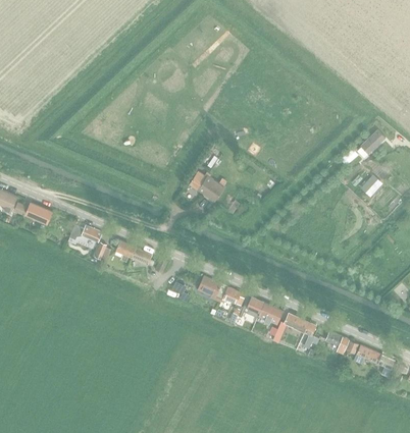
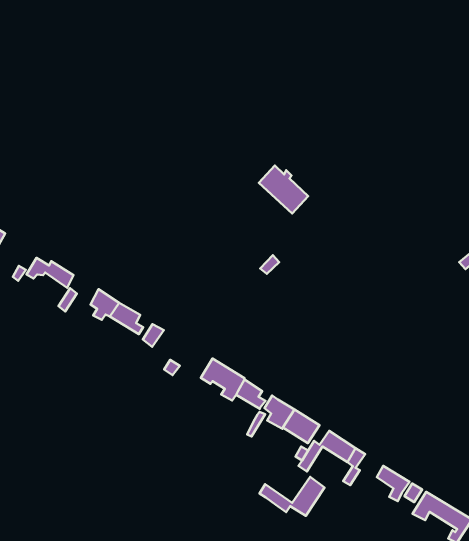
building: [189,170,223,201] -> [259,166,308,213]
building: none -> [259,477,325,516]

